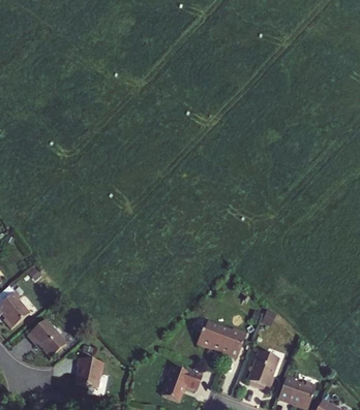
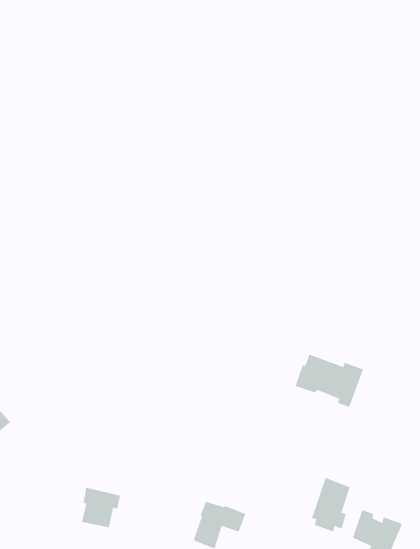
building: [27,318,65,356] -> none
building: [197,319,247,358] -> [295,354,364,407]

